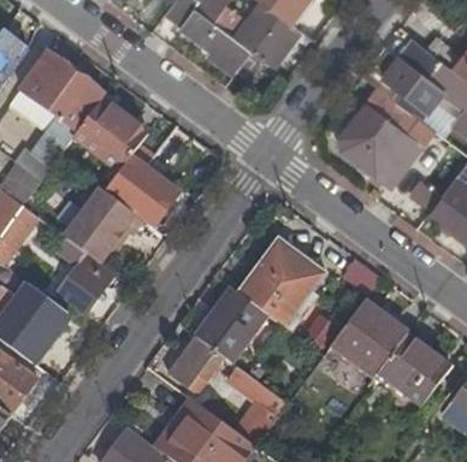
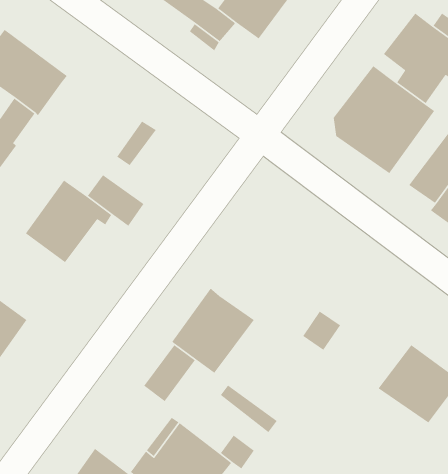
building: [72,102,146,172] -> none
building: [53,237,116,314] -> none
building: [238,239,323,326] -> none
building: [333,303,409,379] -> none

